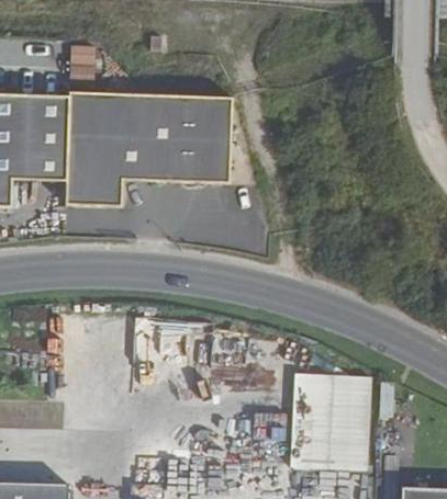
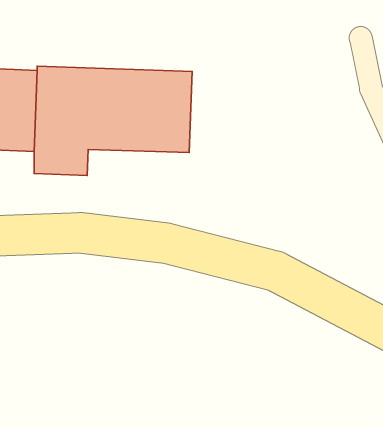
building: [288,373,370,470] -> none

